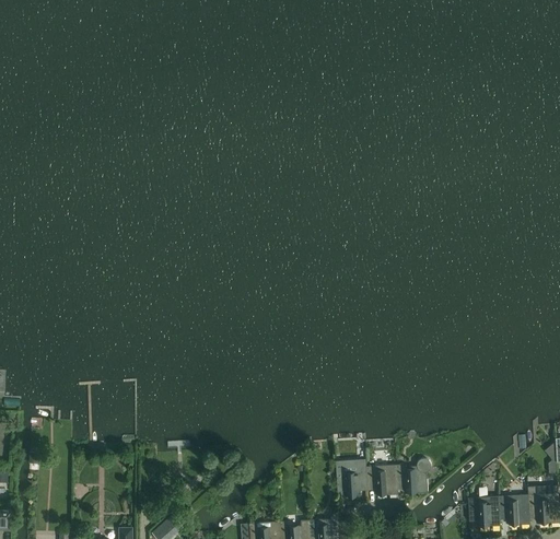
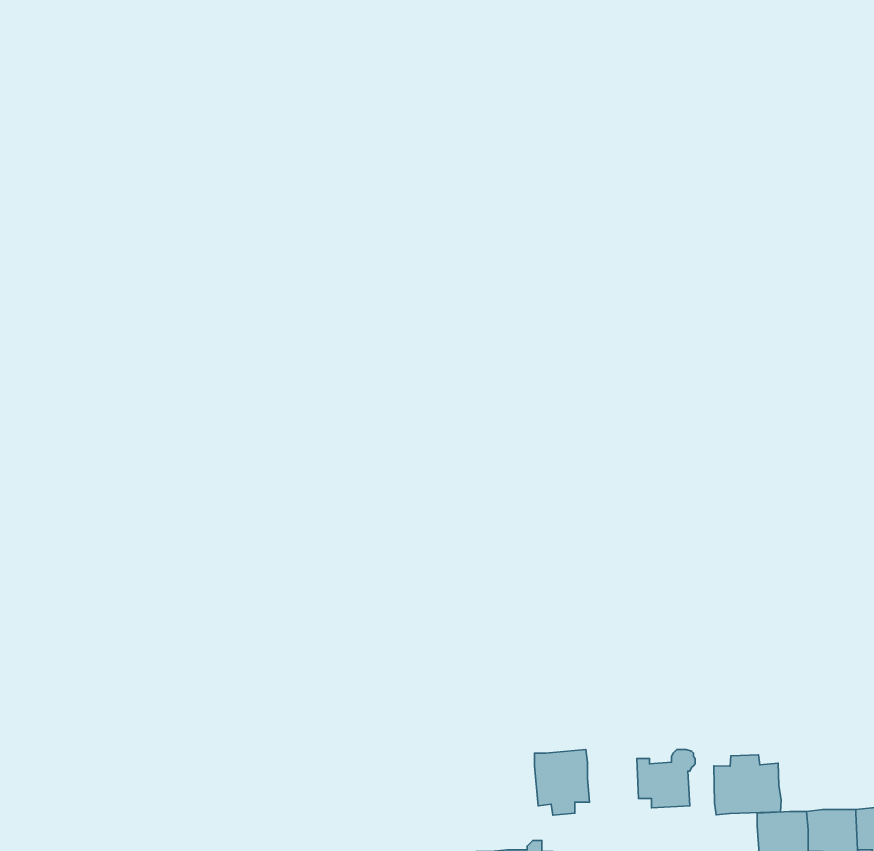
building: none -> [714,755,781,815]
building: [365,465,397,496] -> none

